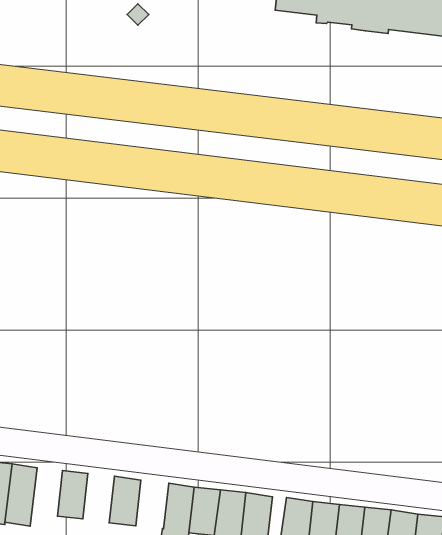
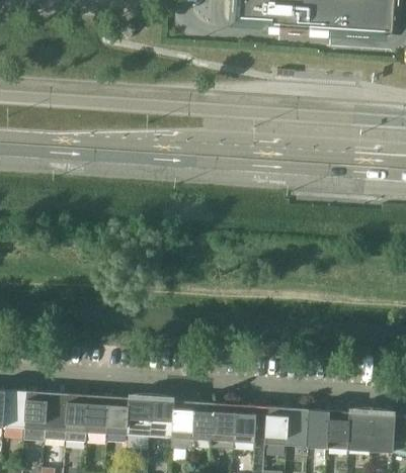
building: none -> [65,394,88,442]
building: none -> [106,396,130,435]
building: none -> [149,399,173,437]

